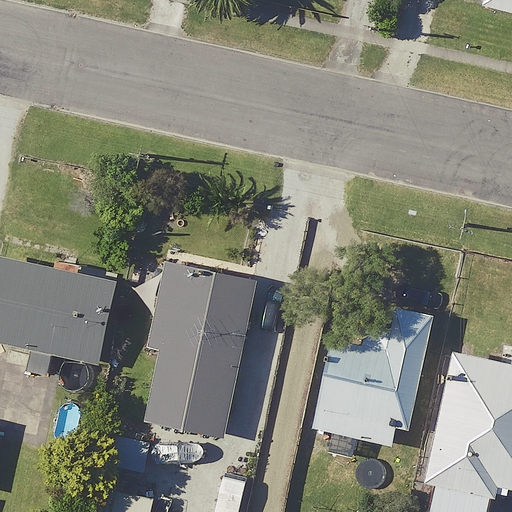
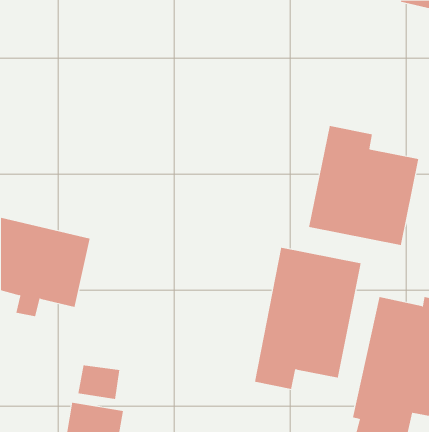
building: none -> [308,125,419,246]
building: [146,265,255,437] -> none

